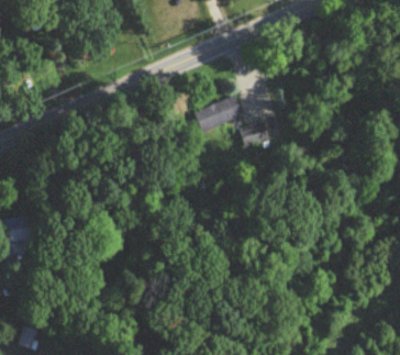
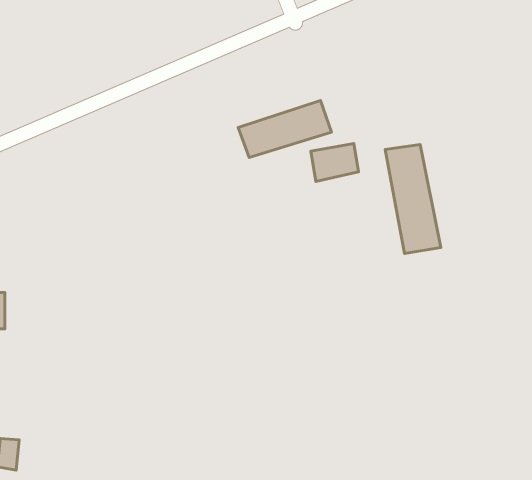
building: none -> [385,145,441,253]

